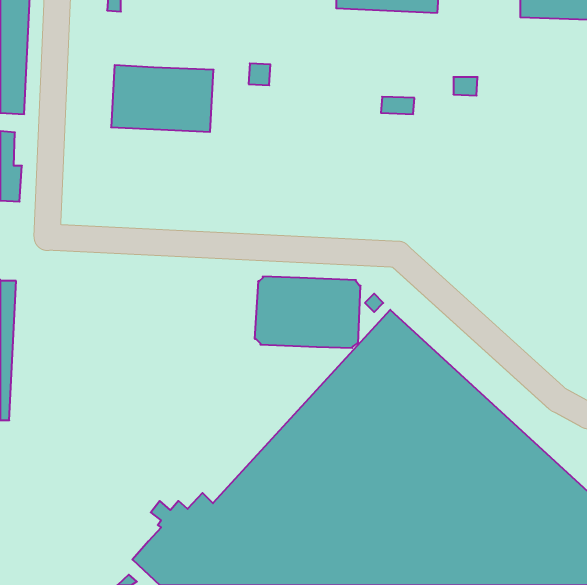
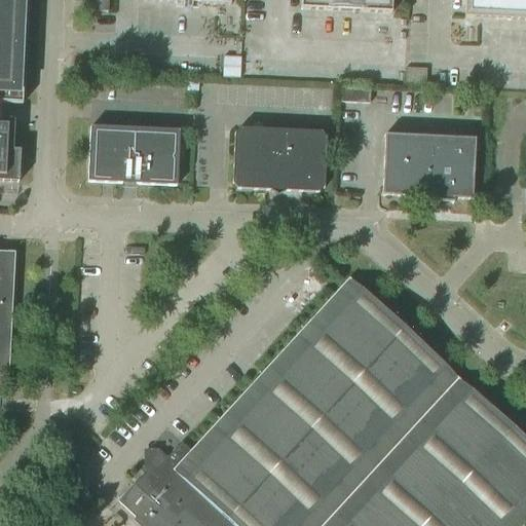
building: [111,65,214,132] -> [88,125,180,185]
building: none -> [382,133,476,201]
building: [255,277,361,348] -> [232,127,327,191]

